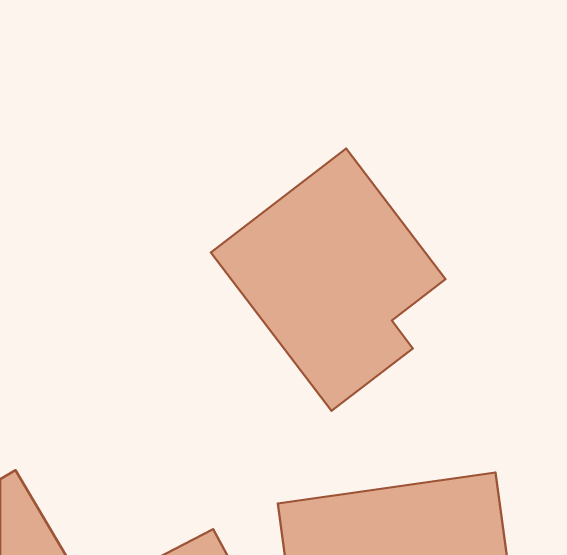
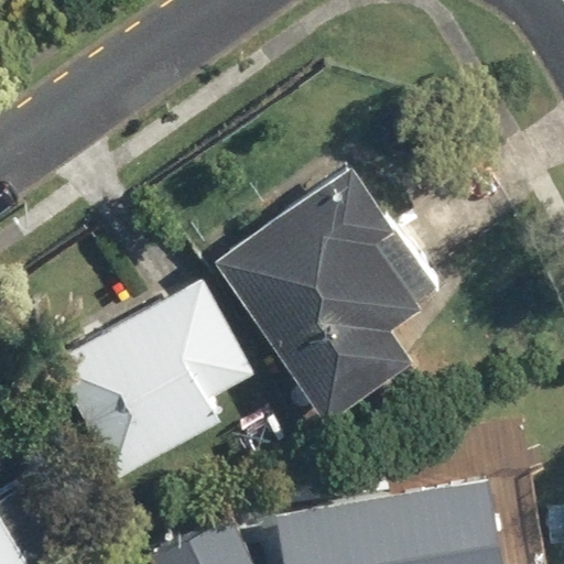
building: none -> [53,279,256,480]

